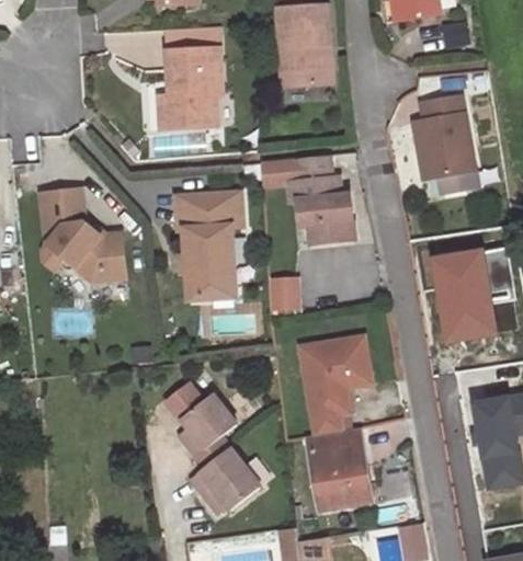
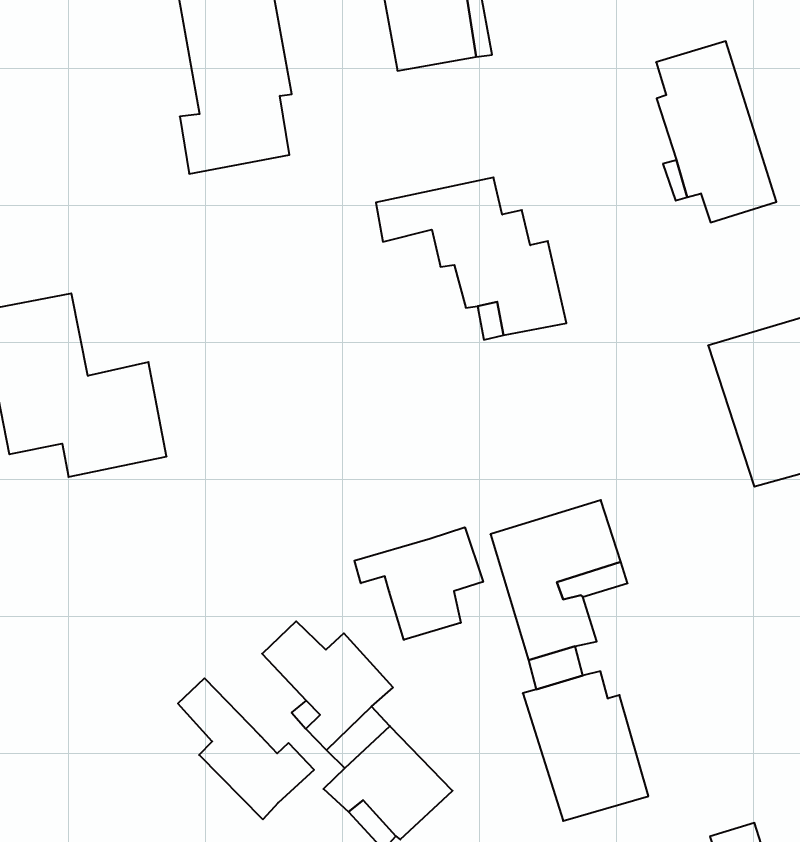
building: [177,194,243,301] -> none
building: [266,277,299,313] -> none
building: none -> [354,527,483,640]
building: none -> [178,678,314,819]

